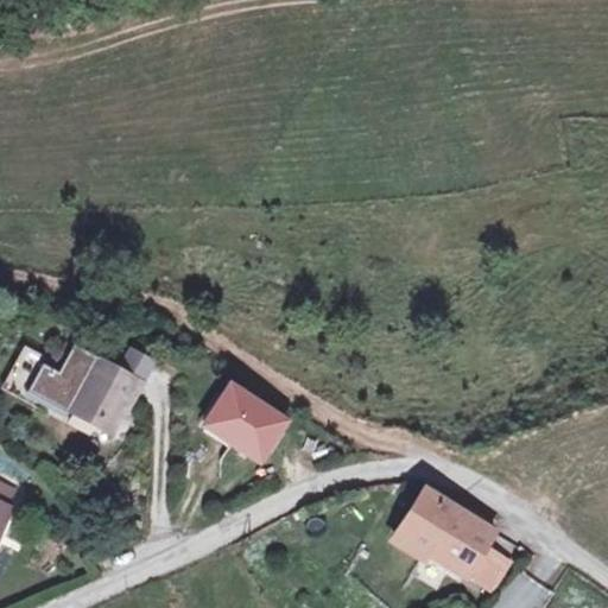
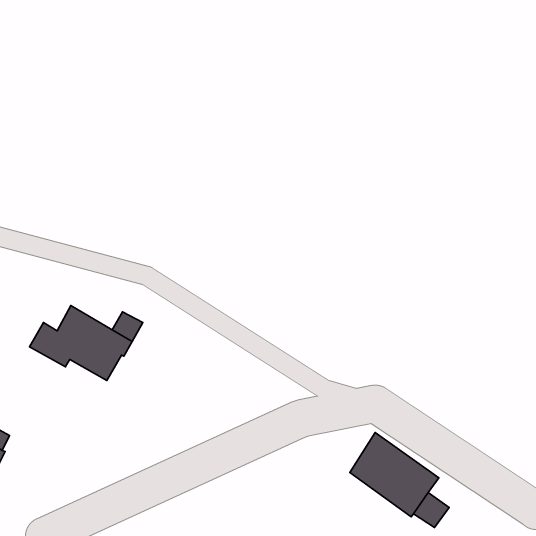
building: [204,385,284,461] -> none

